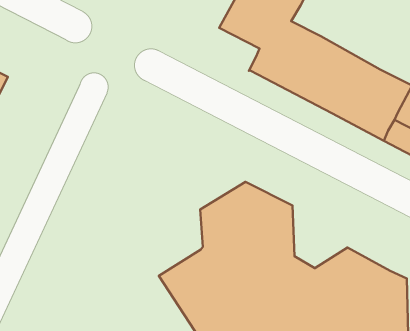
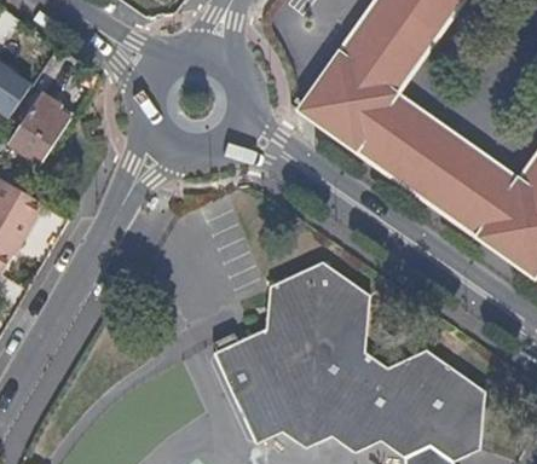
building: none -> [298,89,354,140]

